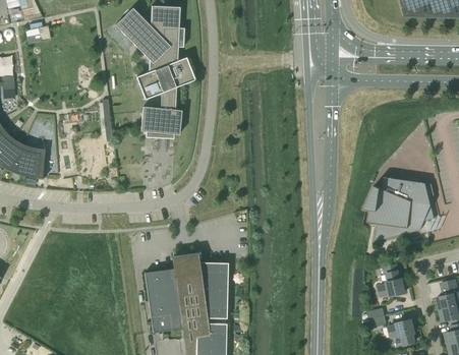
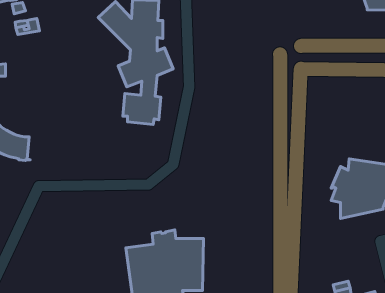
building: [379,263,405,295] -> none

